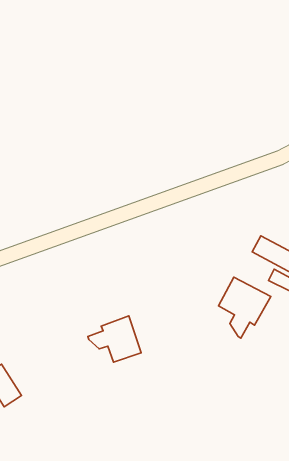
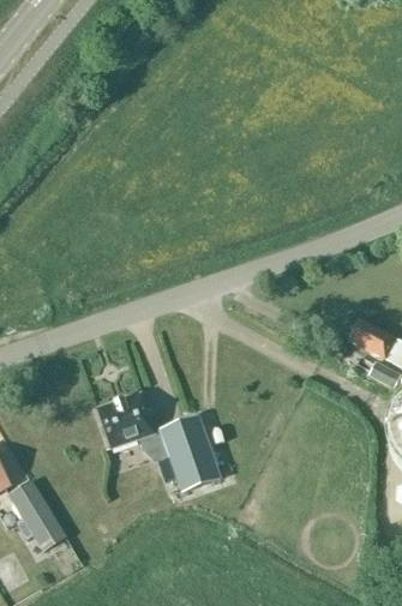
building: [218,277,271,338] -> none
building: none -> [100,395,155,448]

